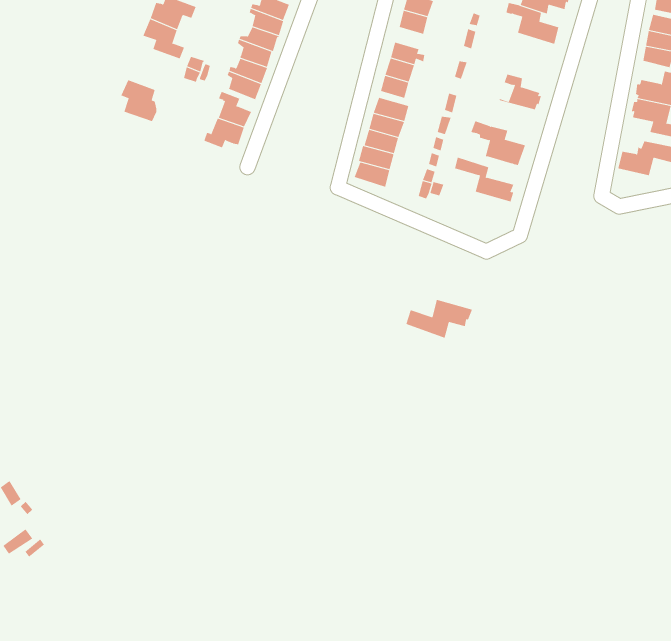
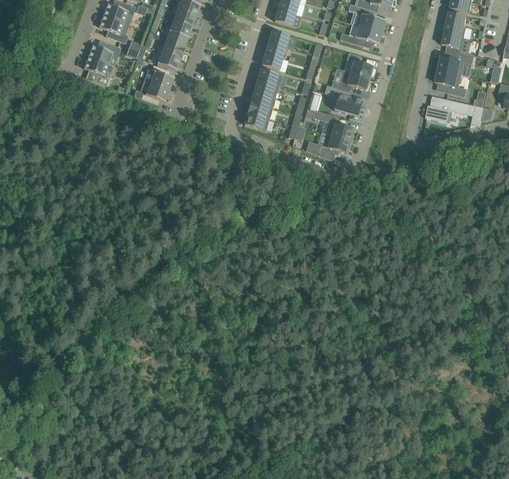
building: none -> [340,23,382,46]
building: none -> [89,40,120,63]
building: none -> [338,70,369,91]
building: [406,299,473,339] -> [306,133,352,160]

